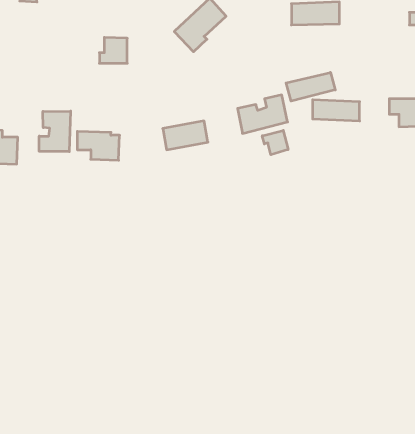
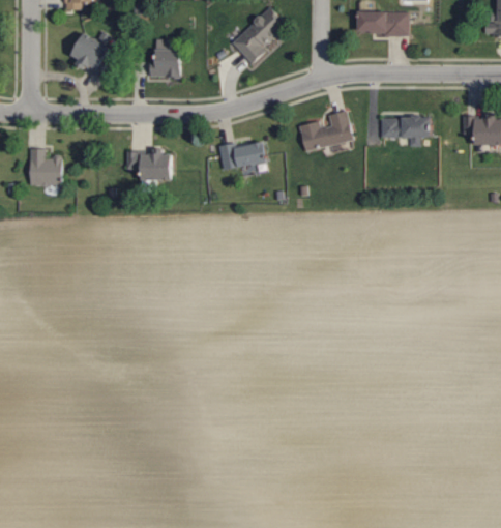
building: none -> [69,33,110,72]
building: [286,72,335,101] -> none
building: [39,111,71,152] -> none
building: [262,130,288,155] -> none

